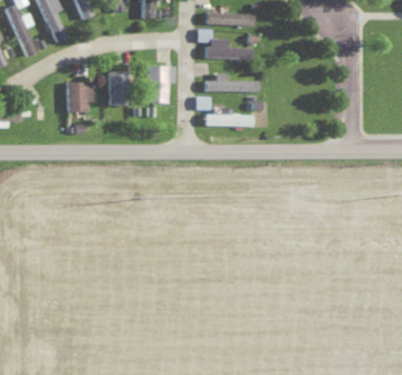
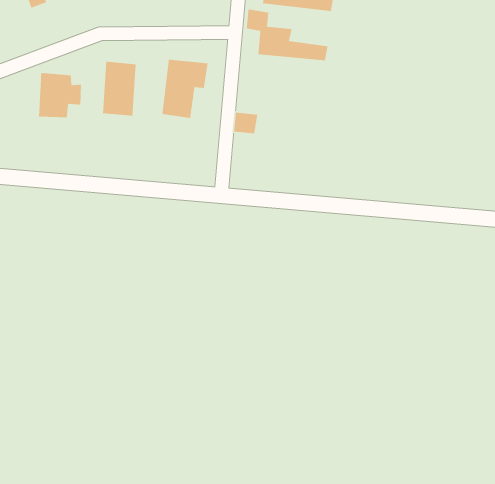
building: [206,72,259,91] -> none
building: [205,107,252,126] -> none

